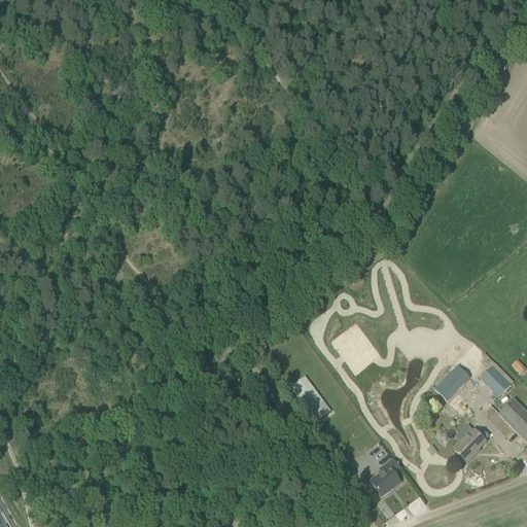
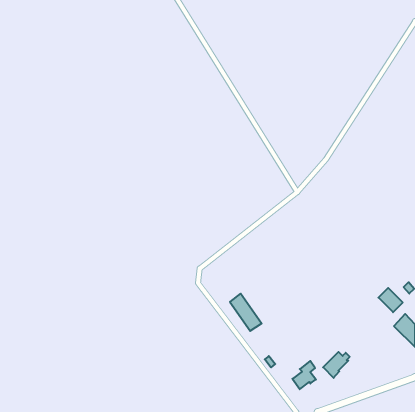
building: [433,371,463,400] -> none
building: [454,429,488,462] -> [323,352,350,378]

